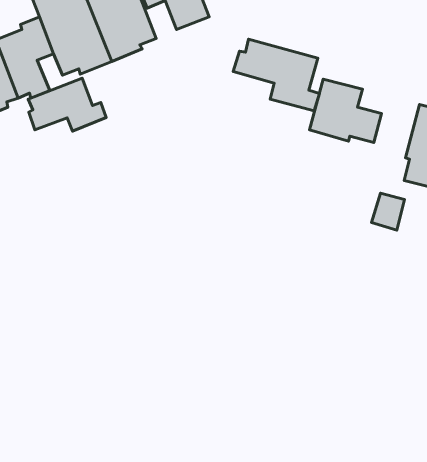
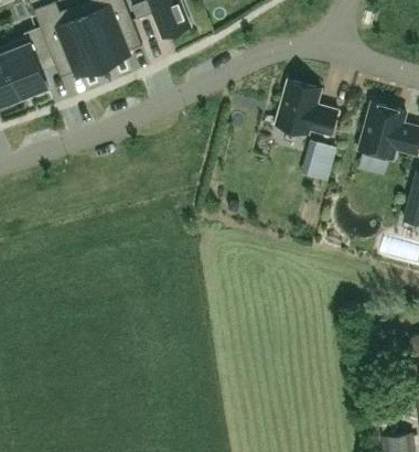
building: [233,39,319,111] -> none
building: [28,78,106,131] -> none
building: [371,193,404,230] -> [309,142,337,174]

